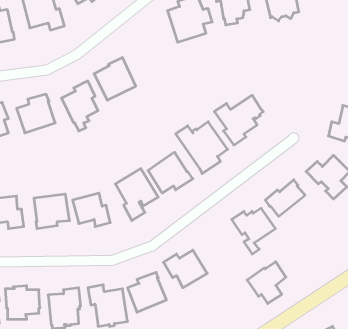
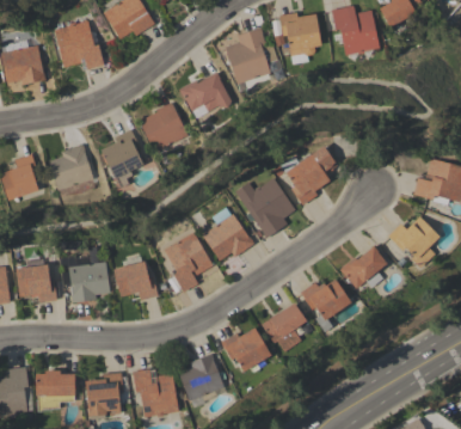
building: none -> [178,72,232,111]
building: [247,262,286,304] -> [260,302,306,351]

